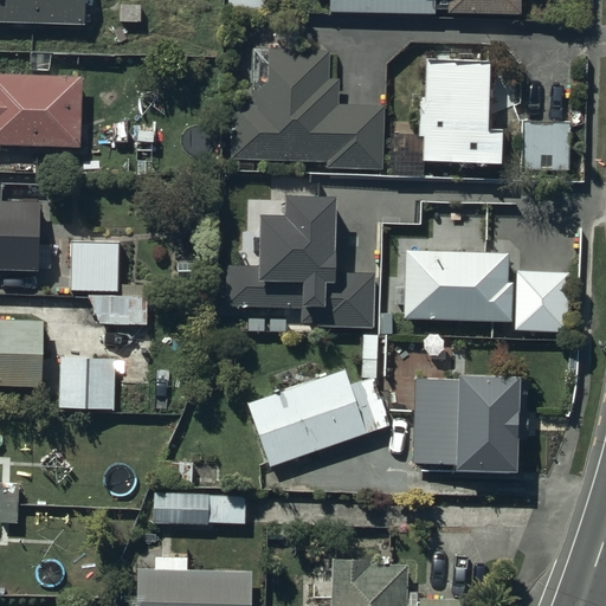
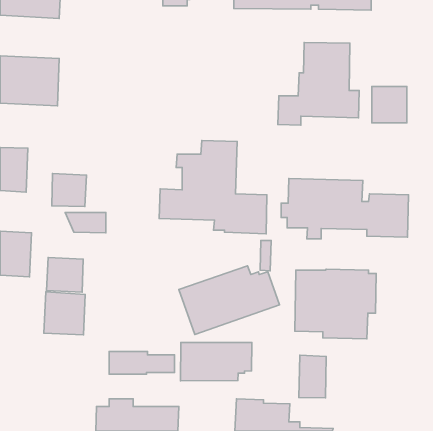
building: [230,30,381,168] -> none
building: none -> [44,292,85,335]
building: none -> [180,342,252,381]
building: none -> [299,355,326,398]

